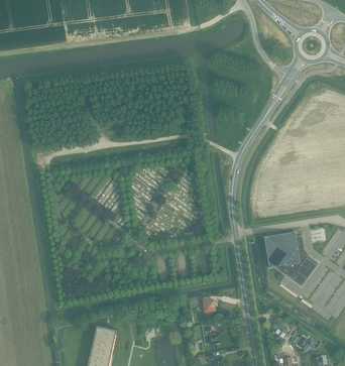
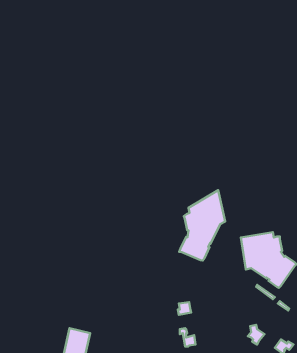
building: none -> [179,190,225,260]

